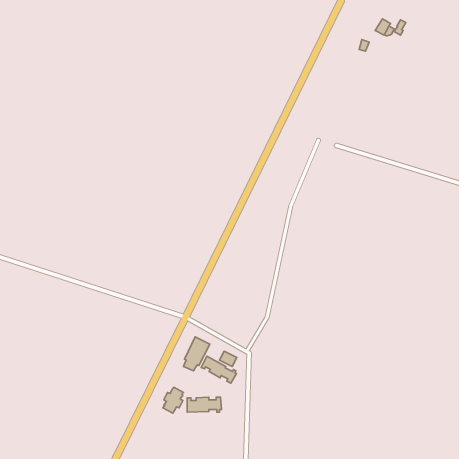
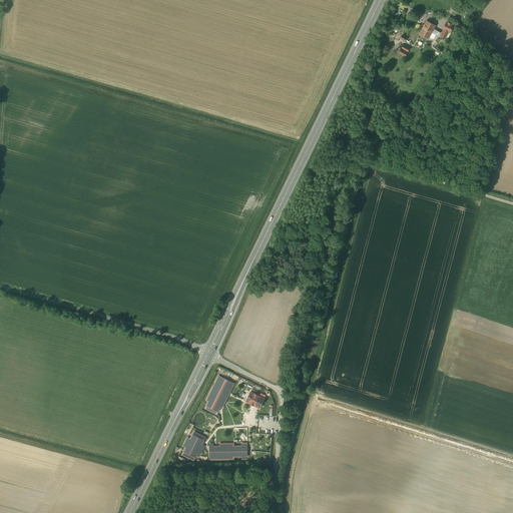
building: [201,356,237,383] -> none

